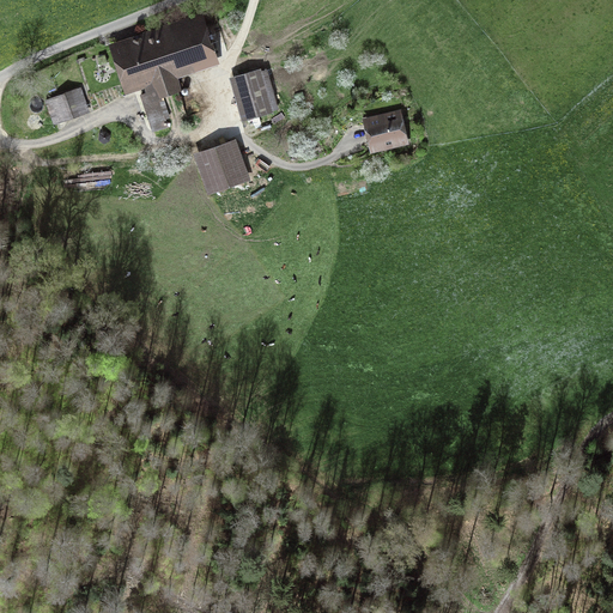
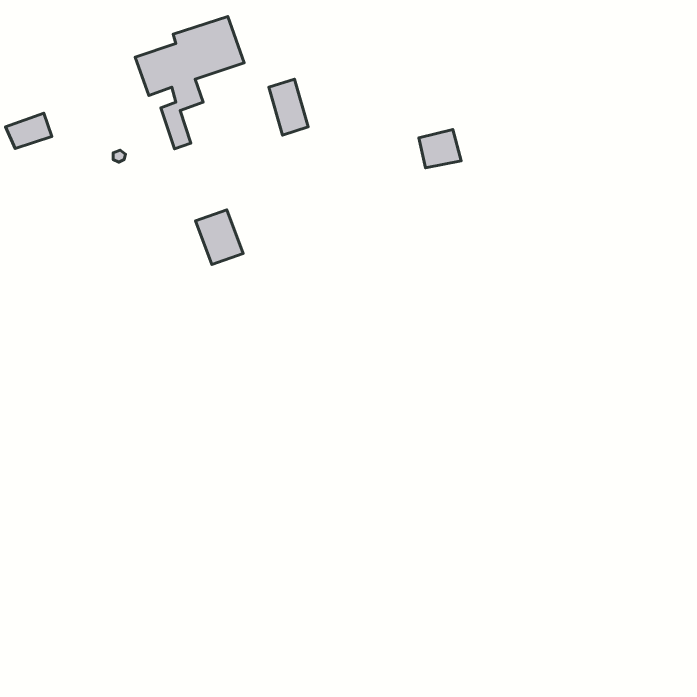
building: [47,89,87,120] -> [6,113,52,149]
building: [201,142,243,190] -> [196,210,243,265]

